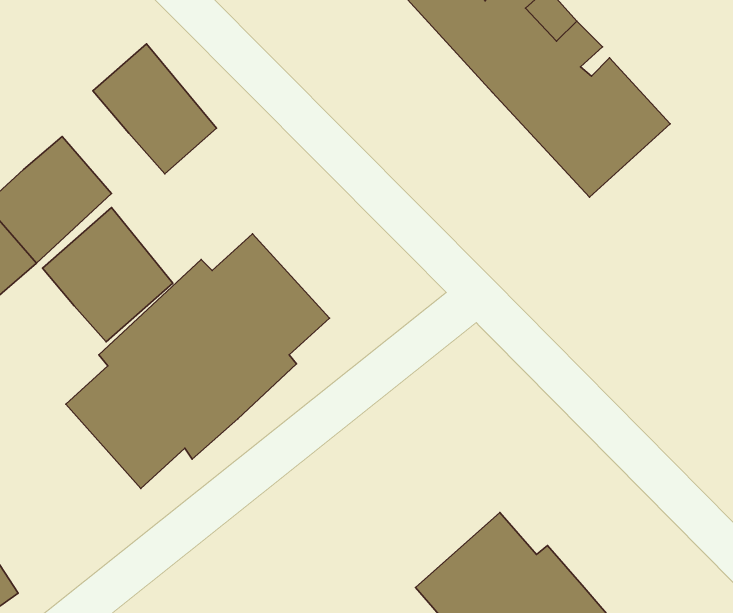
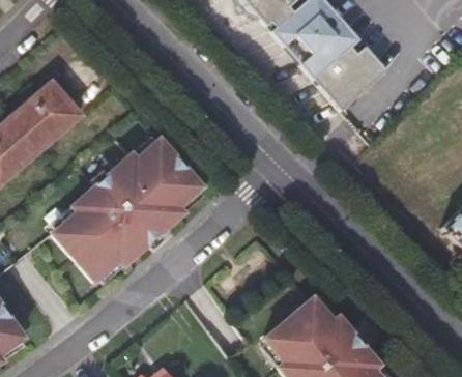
building: [93,44,217,174] -> none
building: [42,208,173,342] -> none

